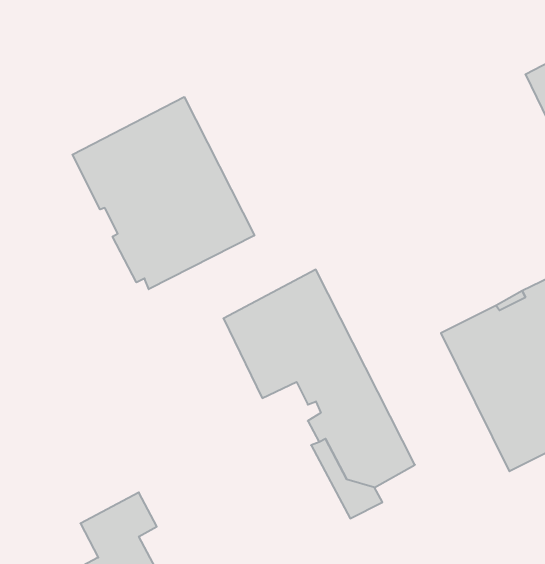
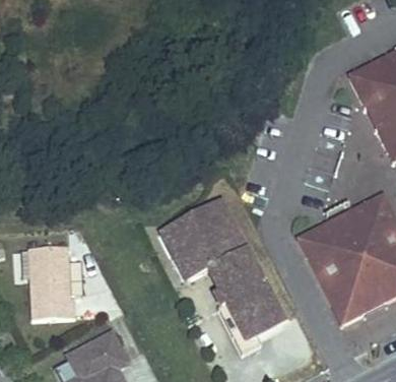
building: [72,97,254,289] -> none
building: none -> [28,245,75,317]

